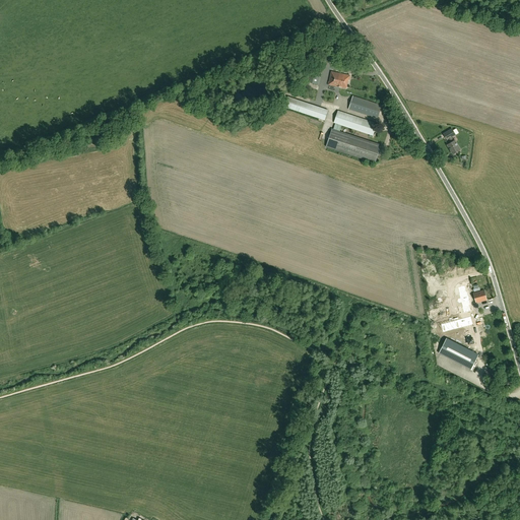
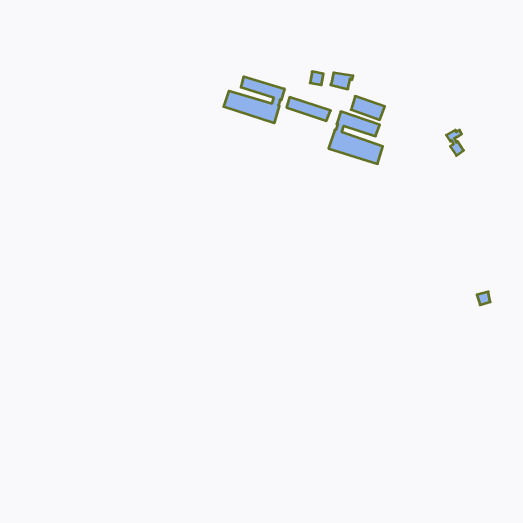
building: none -> [224,77,284,123]
building: [439,338,478,370] -> none

